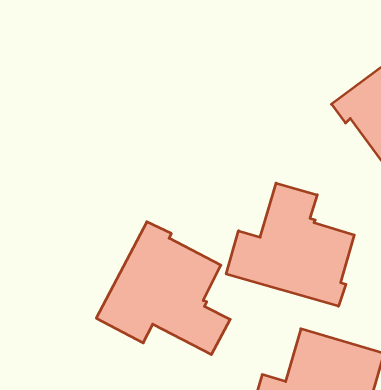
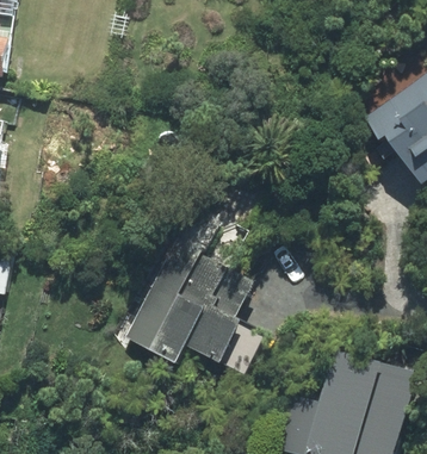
building: [226,183,354,306] -> none

